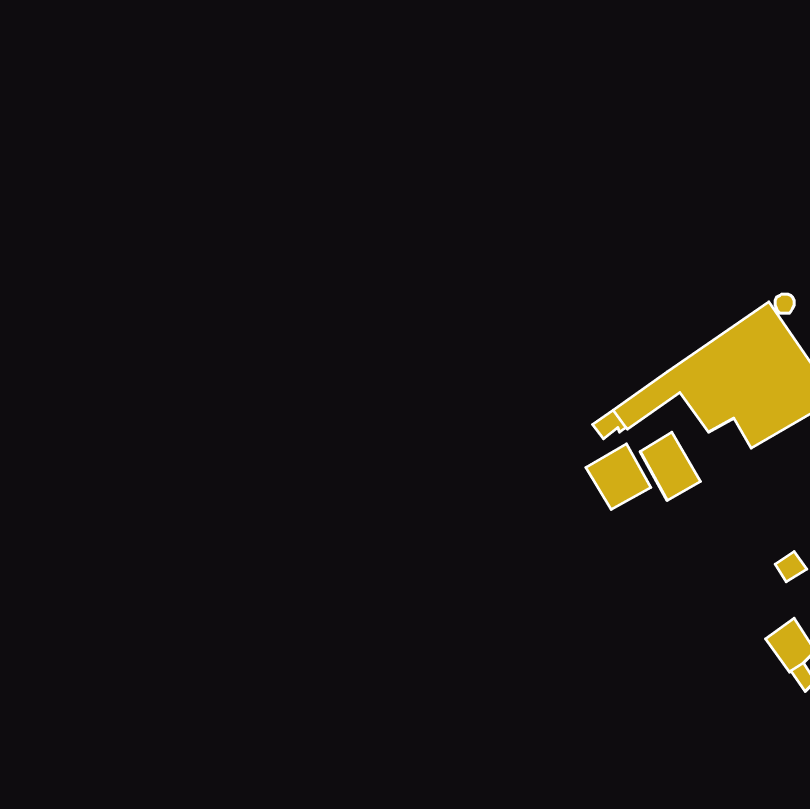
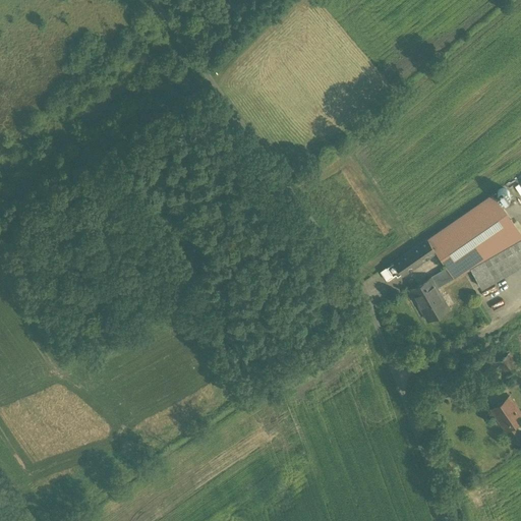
building: [586,444,651,510] -> none

